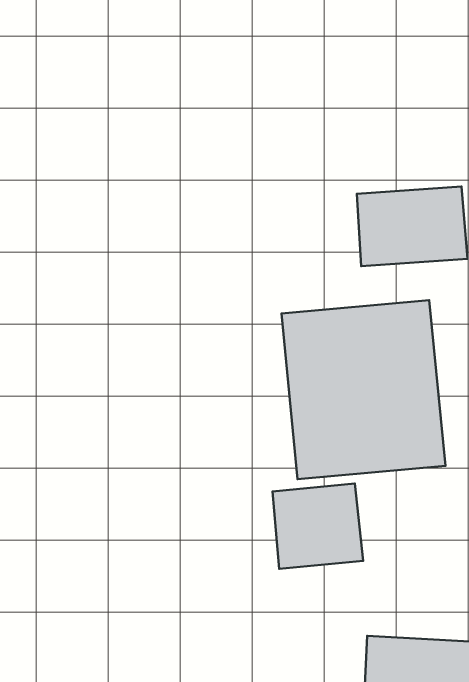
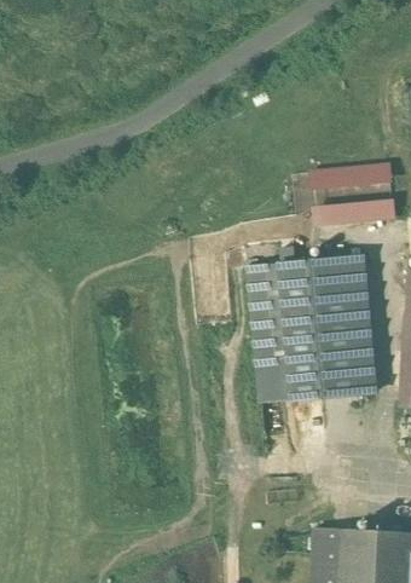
building: [272,483,363,569] -> none

